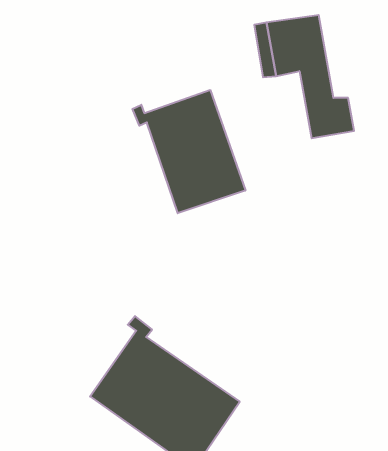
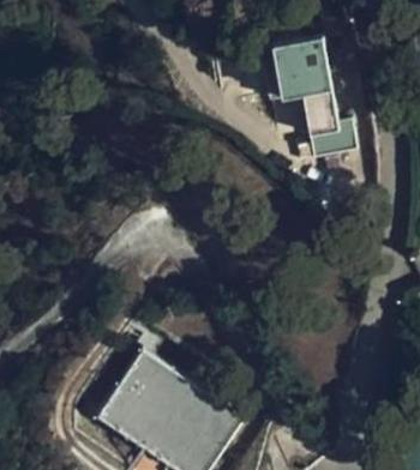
building: [132,90,245,213] -> none

